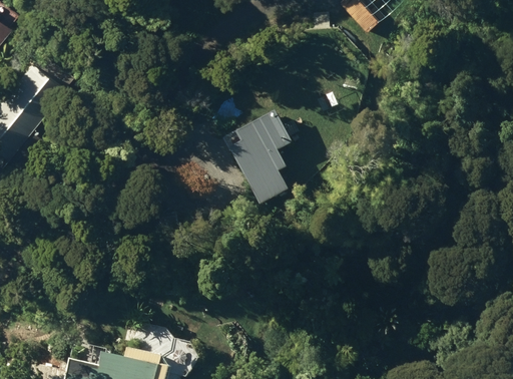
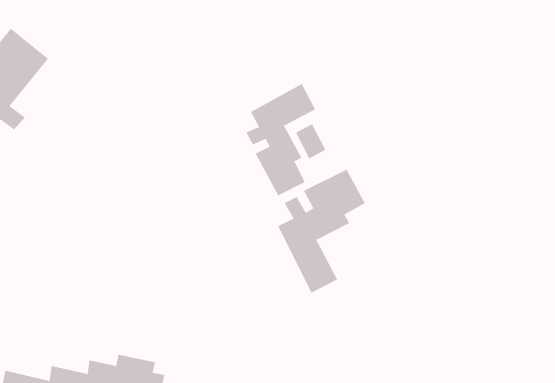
building: none -> [278,169,365,294]

